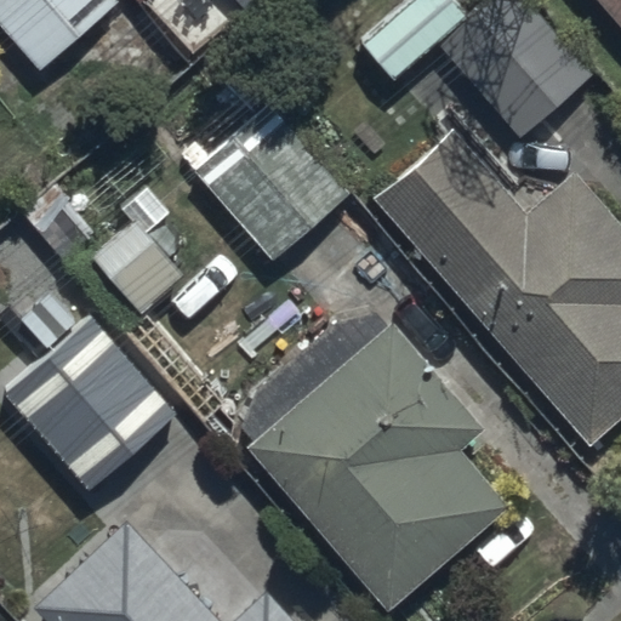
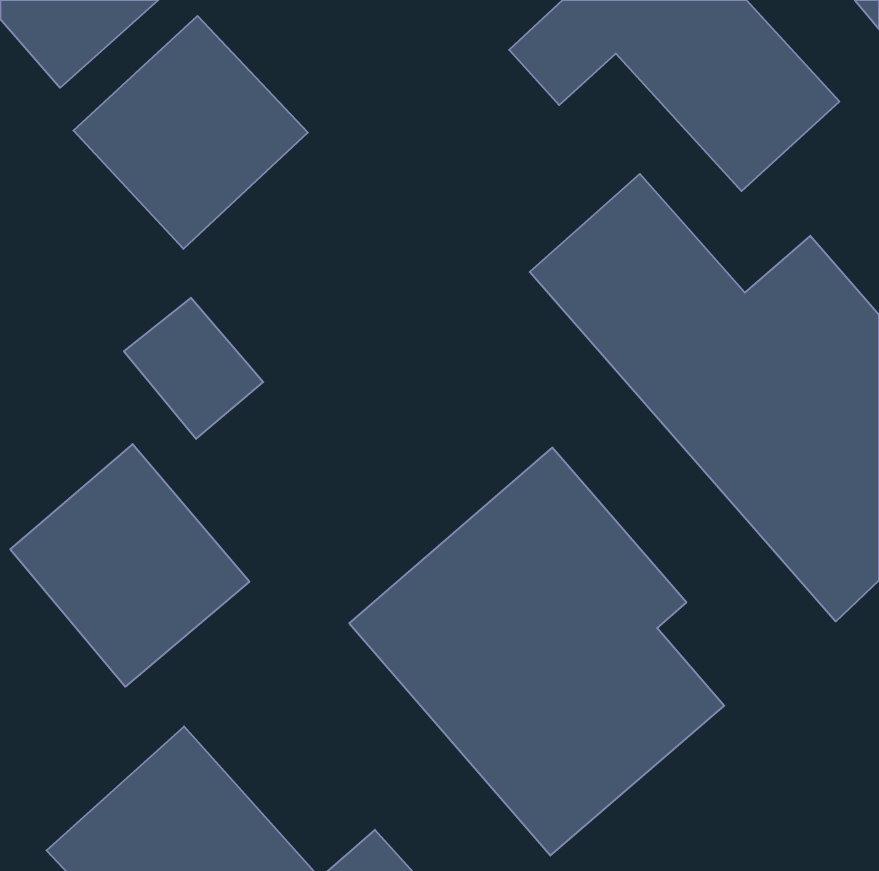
building: none -> [73,16,308,249]
building: [206,119,346,257] -> none

